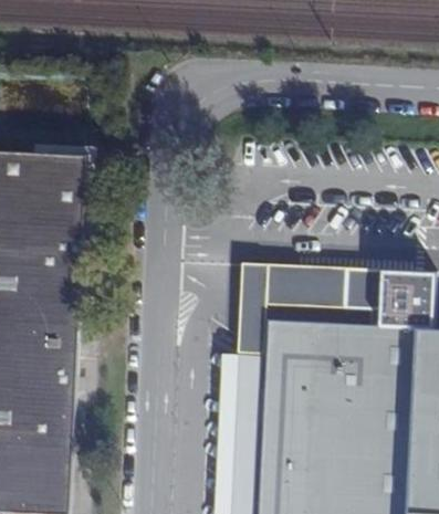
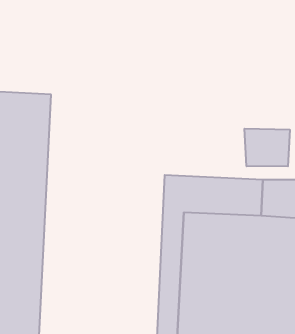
building: none -> [245,129,290,166]

